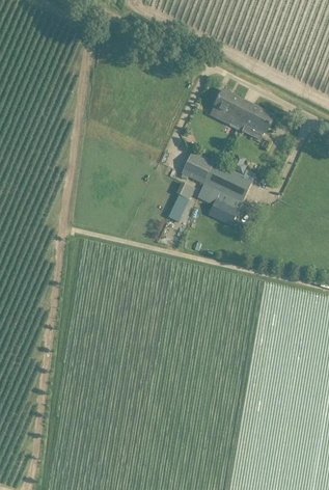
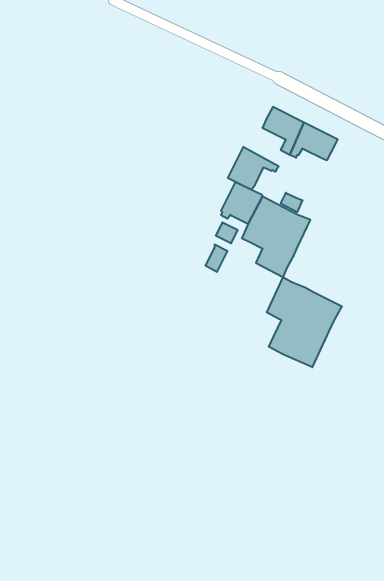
building: none -> [228,147,279,190]
building: none -> [267,277,342,367]

